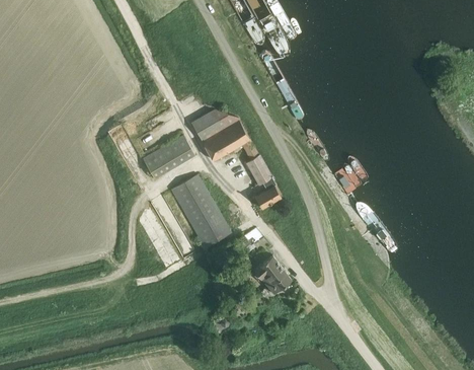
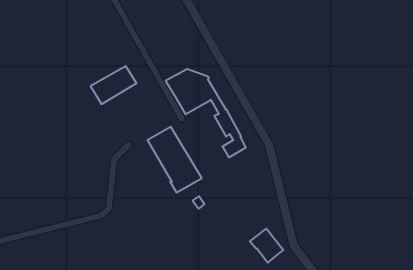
building: [142,135,193,177] -> [91,66,137,104]
building: [253,254,291,293] -> [250,229,283,263]

